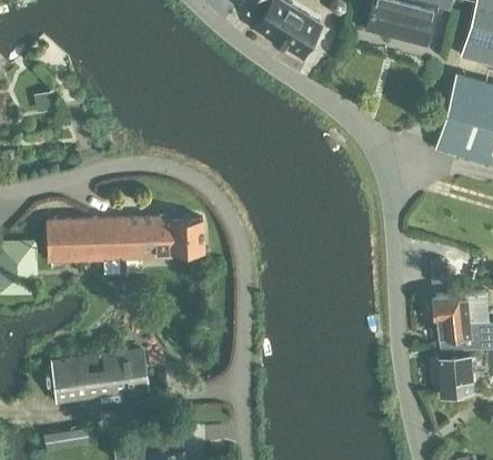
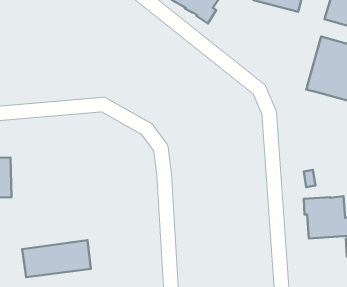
building: [48,216,203,260] -> none
building: [437,354,484,393] -> none

